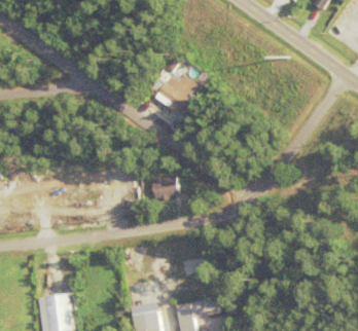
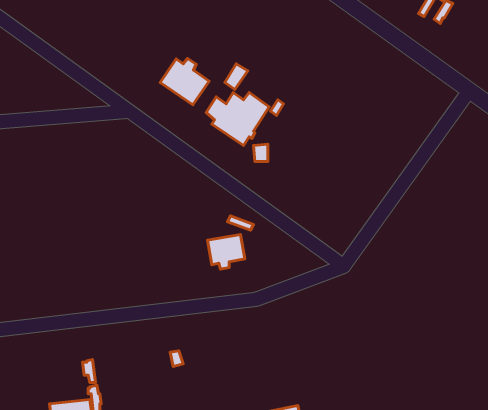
building: none -> [160,59,209,105]

